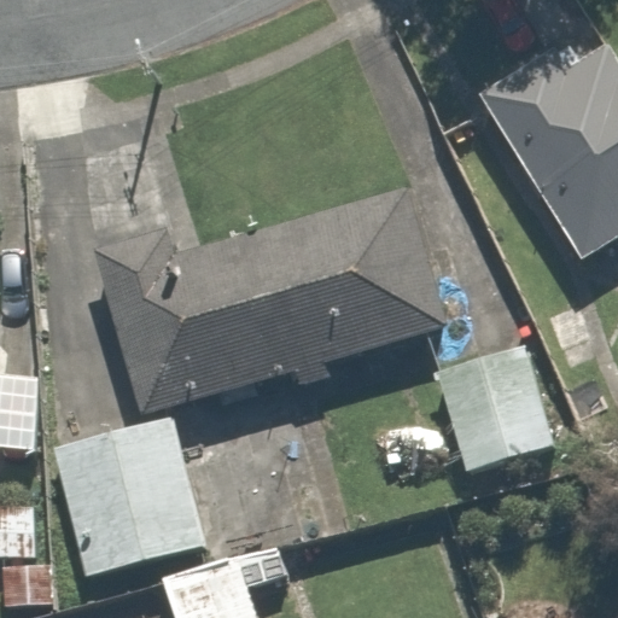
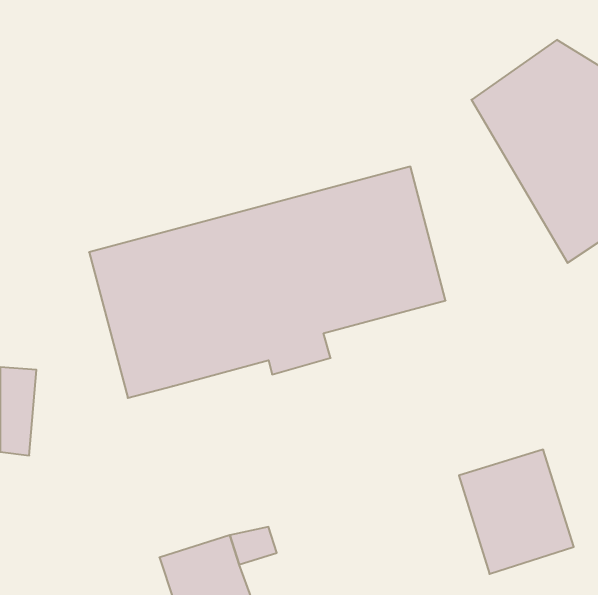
building: [436,344,554,472] -> [459,450,574,574]
building: [53,416,205,576] -> none

